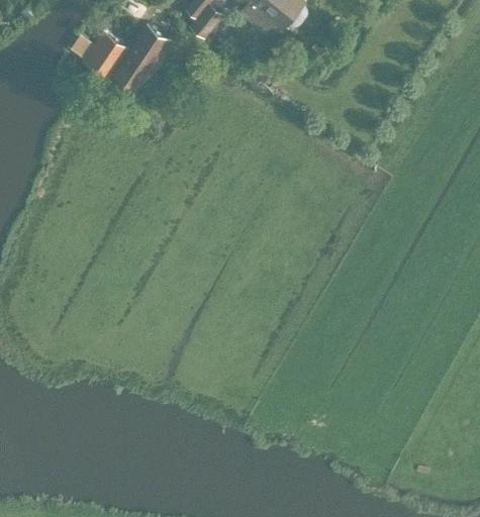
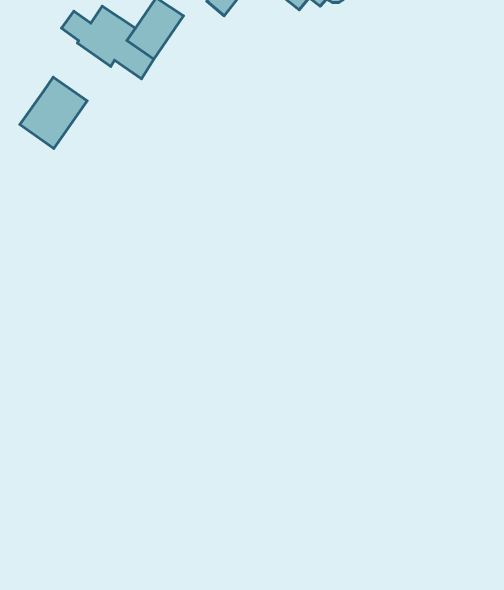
building: none -> [20,77,87,148]

